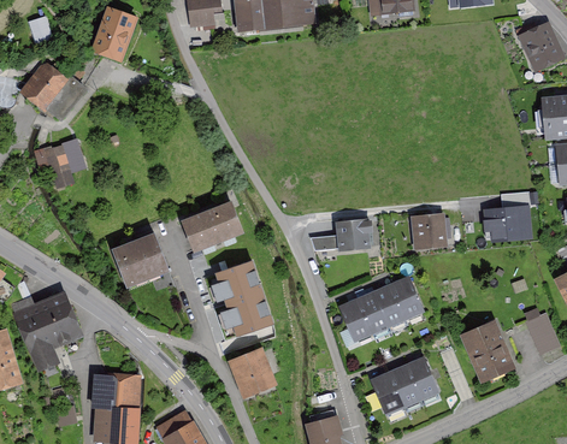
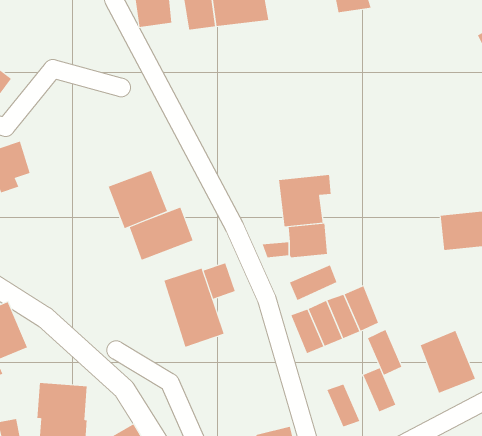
building: [91,7,140,63] -> none
building: none -> [279,174,331,227]
building: [411,213,447,250] -> none
building: [111,233,169,290] -> [108,170,168,229]
building: none -> [203,262,236,299]
building: none -> [289,265,337,301]
building: [226,344,277,397] -> none
building: [389,363,423,408] -> [367,329,402,375]

